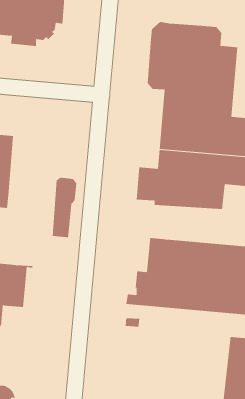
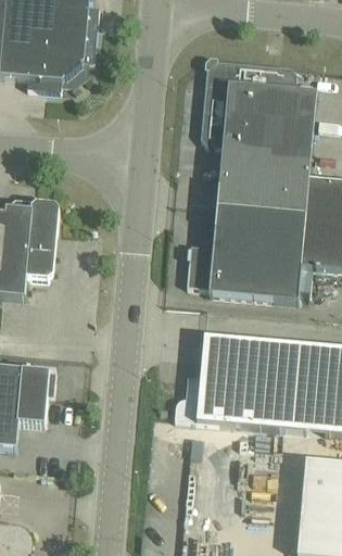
building: [52,177,77,238] -> [26,200,59,277]

